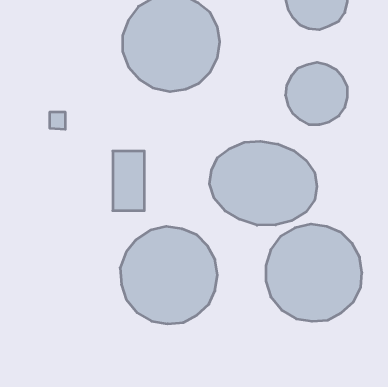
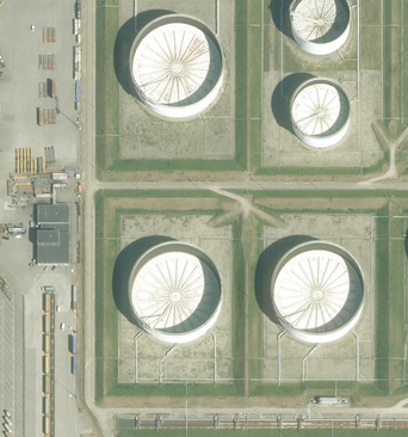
building: [209,141,317,225] -> none
building: [113,151,144,211] -> [36,202,67,260]

